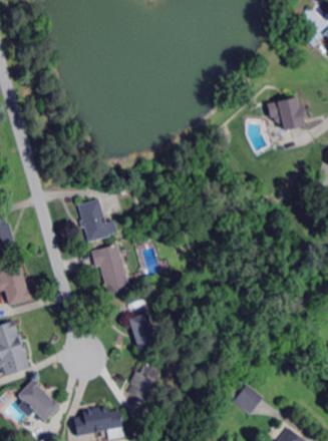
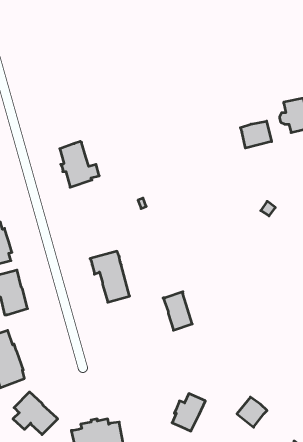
building: none -> [240,121,272,148]
building: [77,198,115,243] -> [60,141,99,187]
building: [128,313,156,350] -> [163,292,192,330]
building: [127,364,159,400] -> [172,394,205,431]

